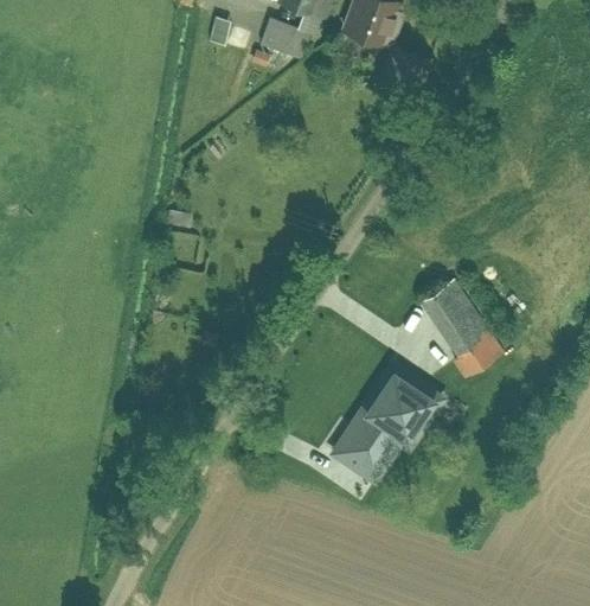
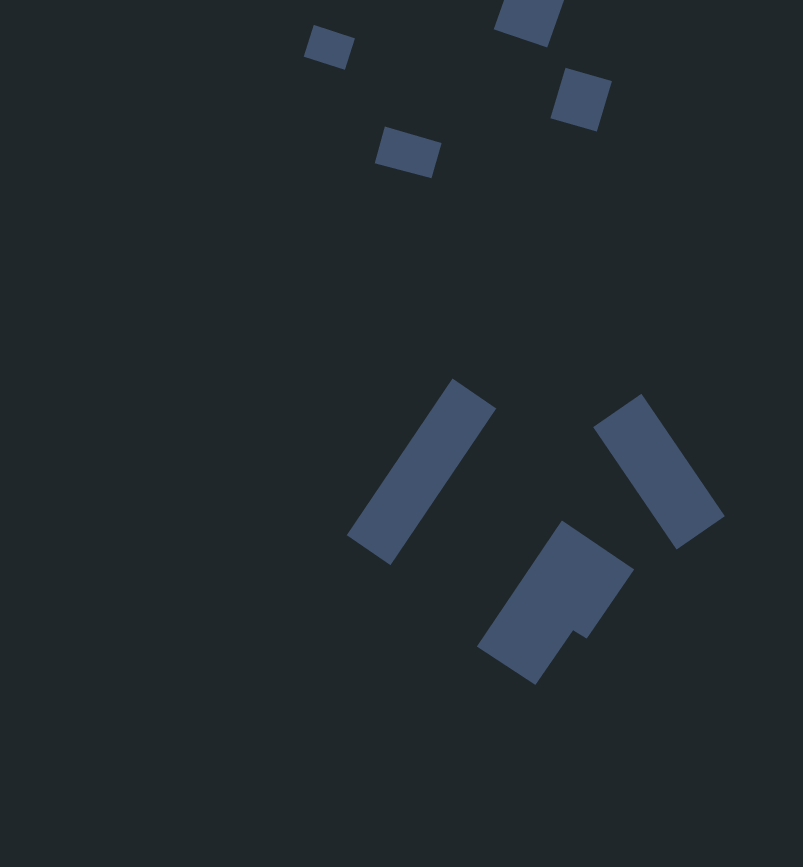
building: [262,20,309,57] -> [374,126,442,179]
building: none -> [346,377,497,566]

